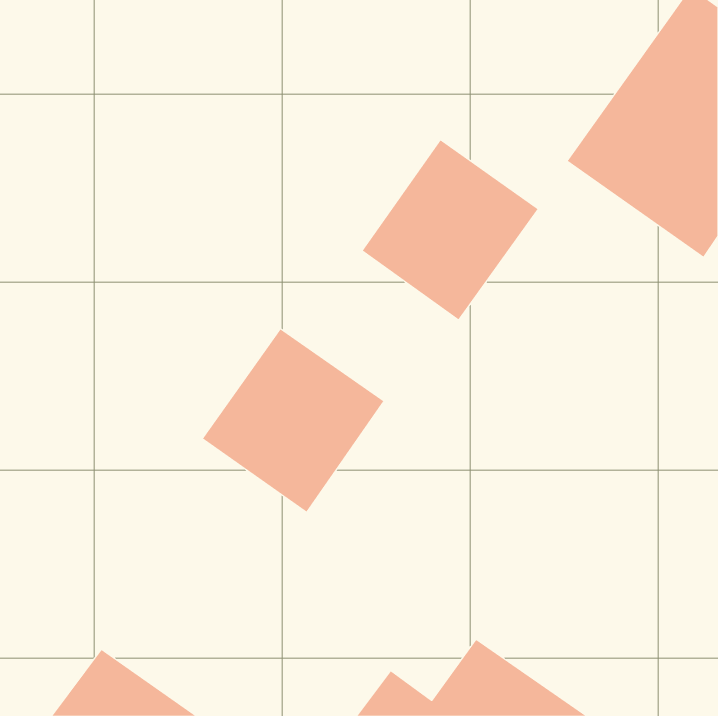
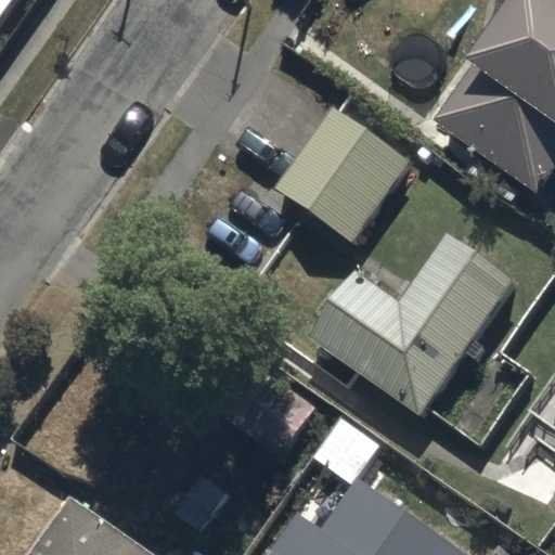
building: none -> [313,238,516,418]
building: [202,329,384,512] -> none

